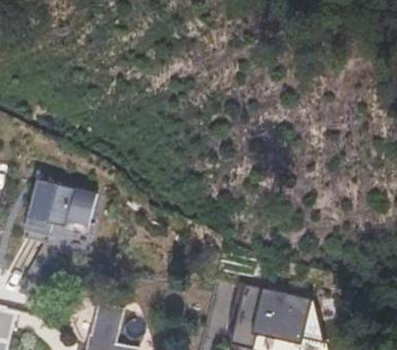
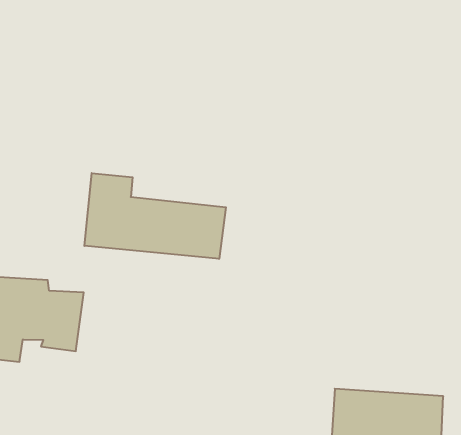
building: none -> [84,173,226,259]

